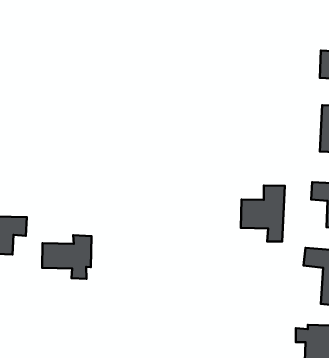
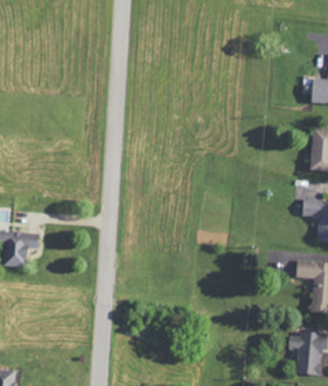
building: [241,186,285,242] -> none
building: [42,235,91,279] -> none

